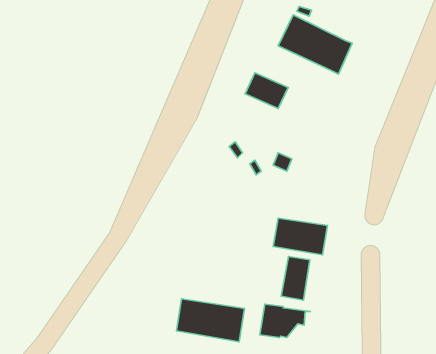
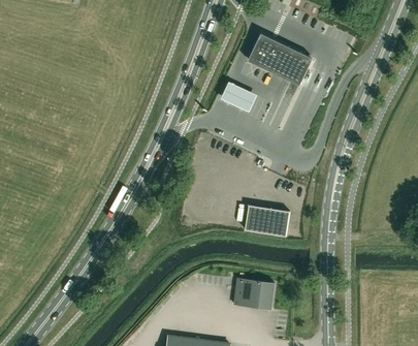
building: [281,257,310,300] -> none
building: [177,299,244,342] -> none

